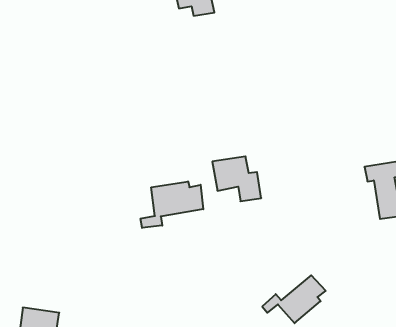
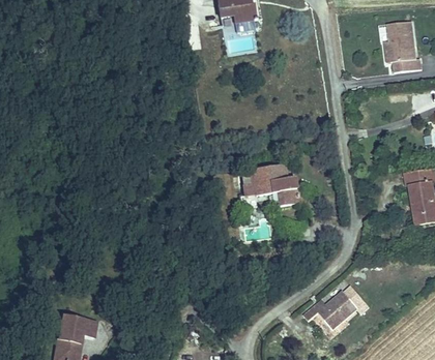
building: none -> [385,21,421,71]
building: [141,181,203,228] -> none

